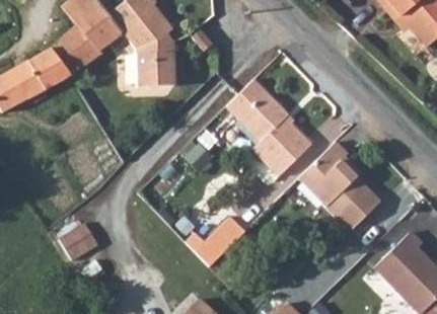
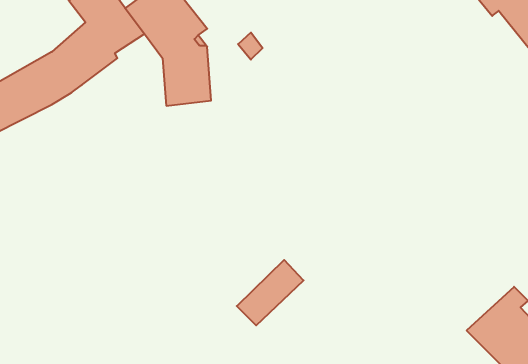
building: [227,79,312,175] -> none
building: [298,143,380,231] -> none
building: [60,222,100,261] -> none

